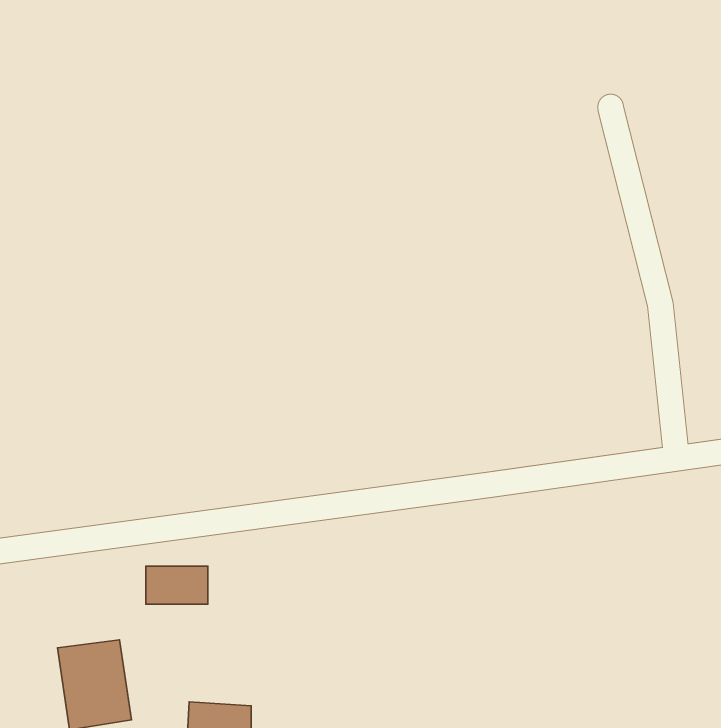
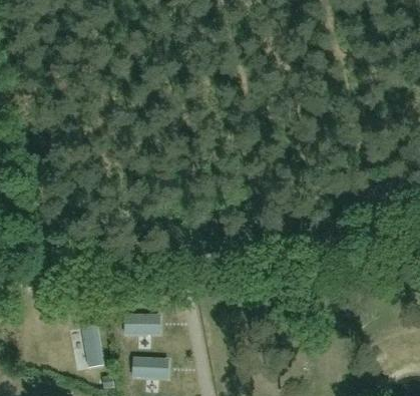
building: [146,566,208,604] -> [127,316,158,335]

